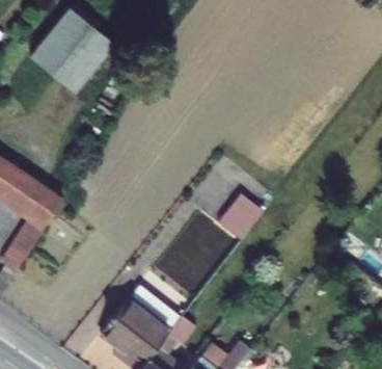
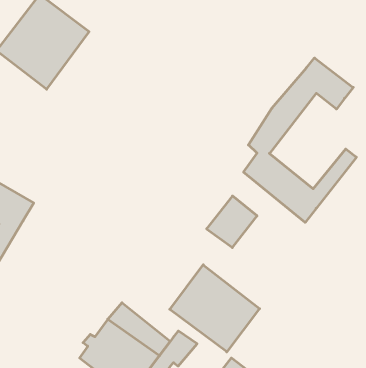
building: none -> [244,58,356,222]
building: none -> [170,265,260,352]

